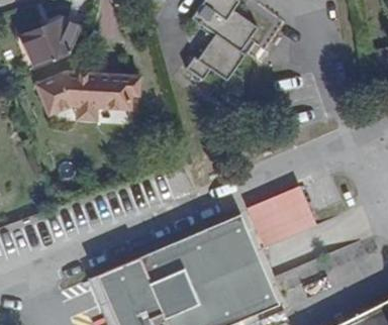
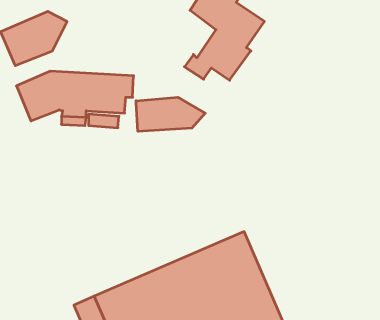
building: none -> [136,97,205,131]
building: [247,187,315,248] -> none

